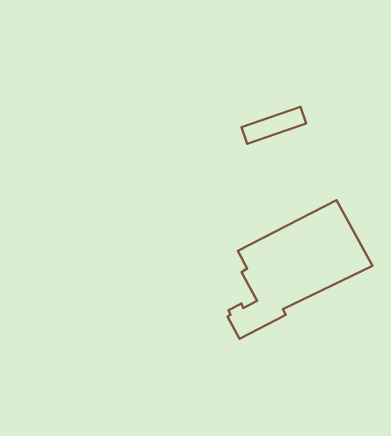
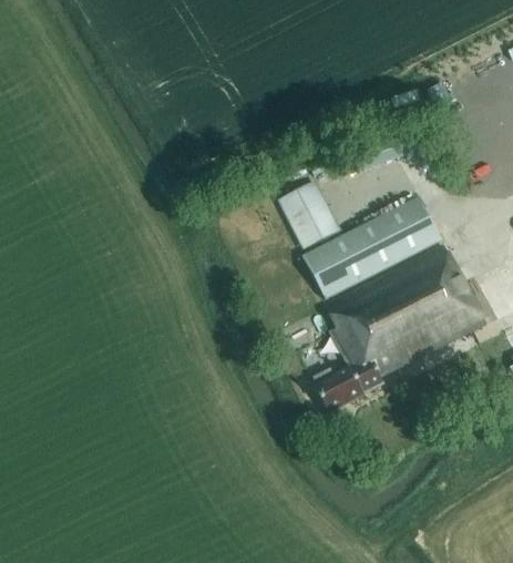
building: none -> [277,182,340,250]
building: none -> [301,197,440,299]

